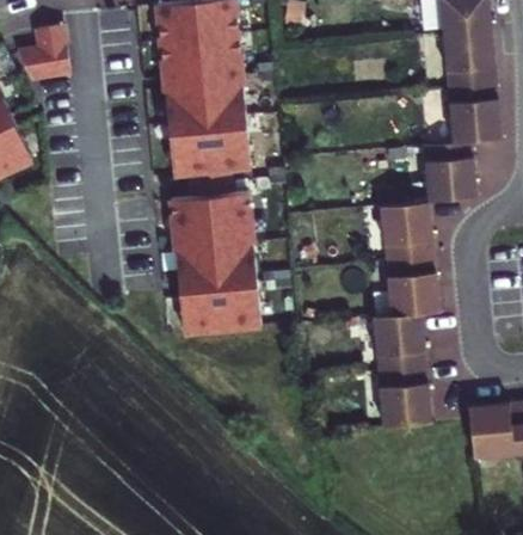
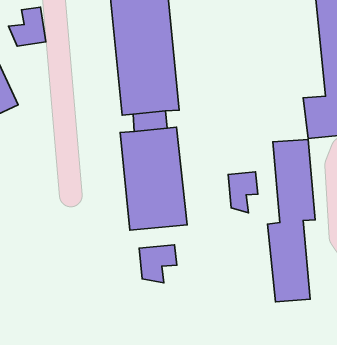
building: none -> [228,172,258,213]
building: none -> [139,245,177,283]

